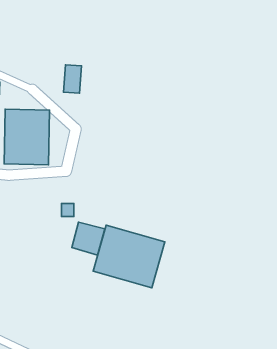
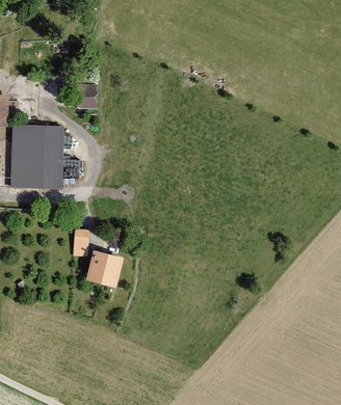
building: [93,225,165,288] -> none

